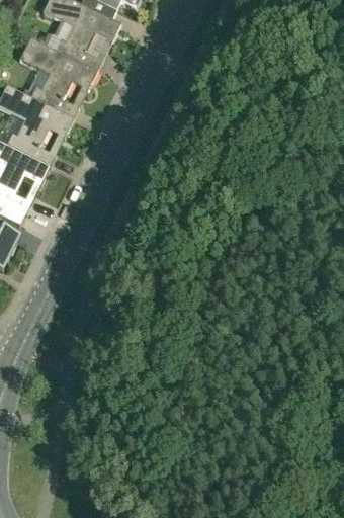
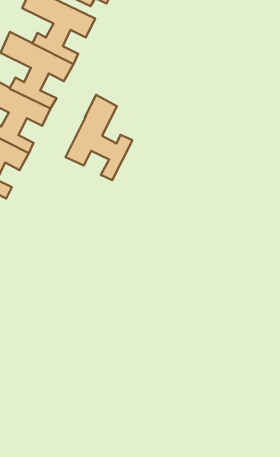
building: none -> [65,95,132,180]

